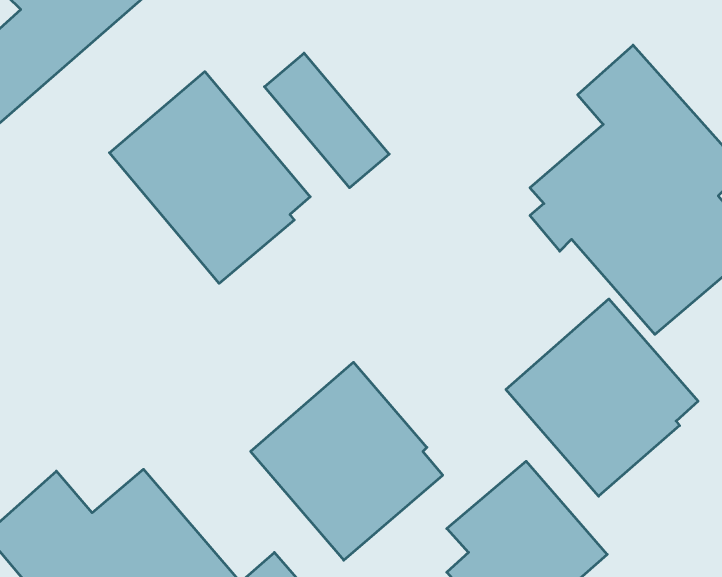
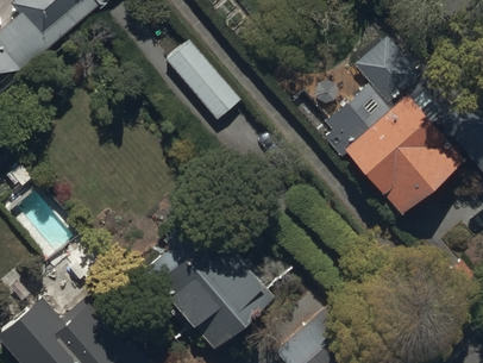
building: [109,72,310,283] -> none
building: [506,299,698,496] -> none

